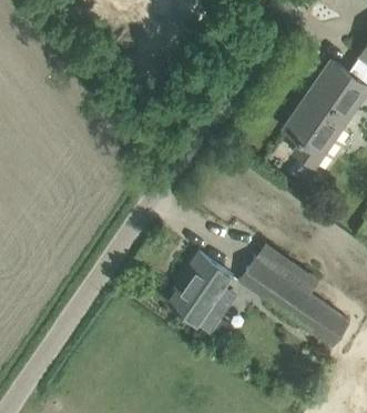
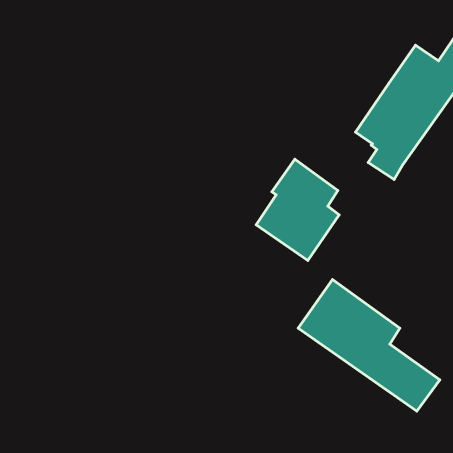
building: [170,252,234,331] -> [256,159,339,261]

